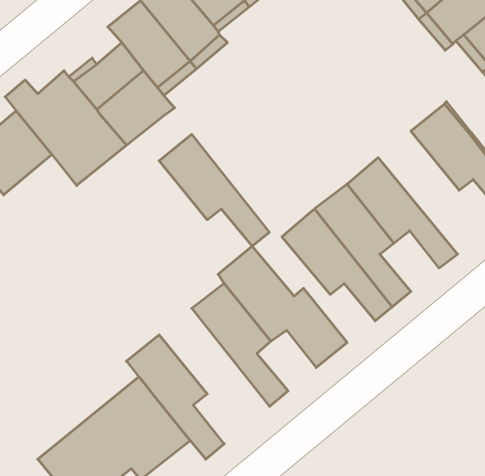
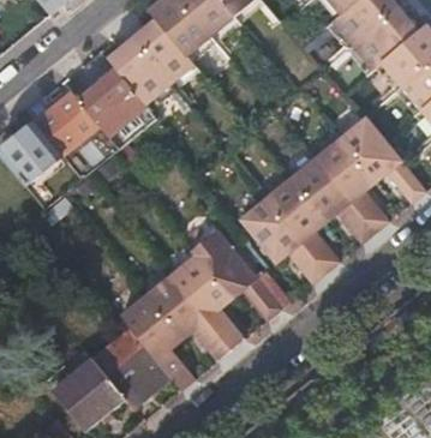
building: none -> [315,137,389,232]
building: [159,134,269,246] -> [145,274,231,360]

